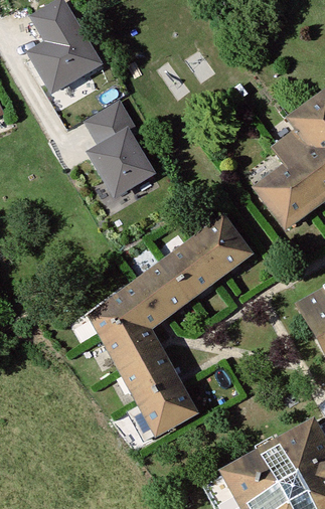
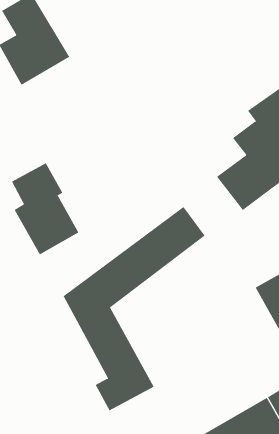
building: [83,98,155,196] -> [11,163,79,255]

